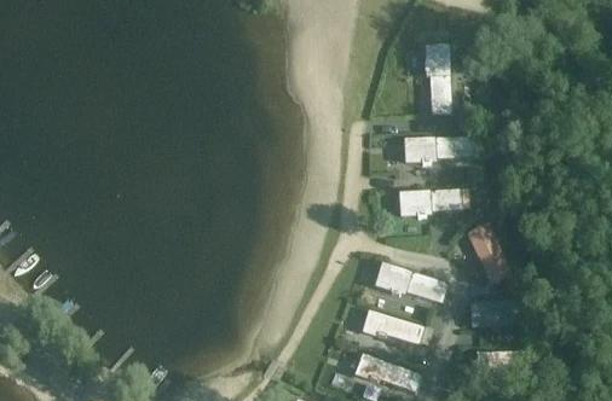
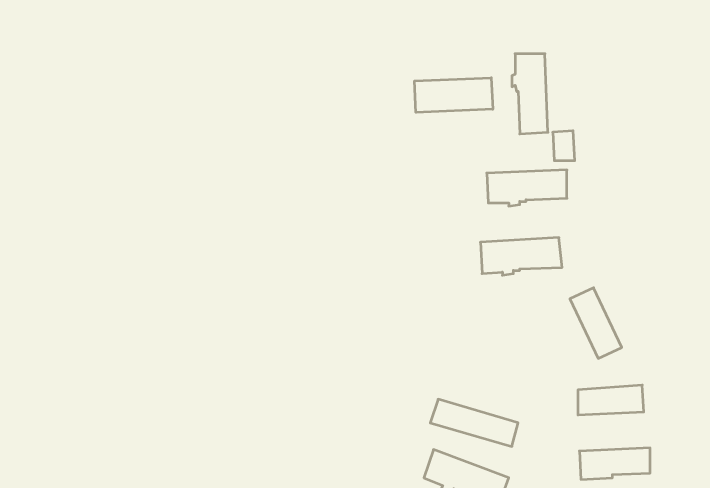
building: none -> [415,78,493,112]
building: [375,262,440,301] -> none

